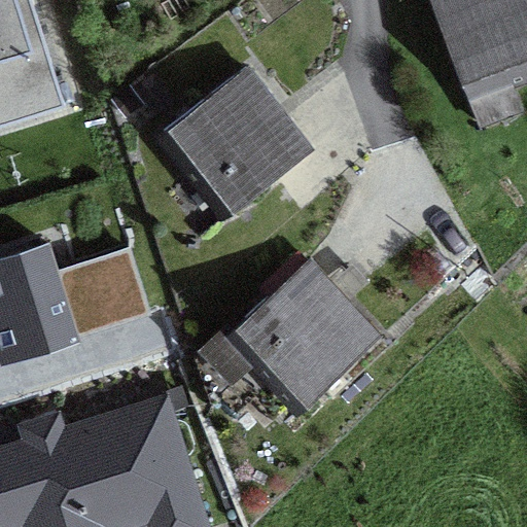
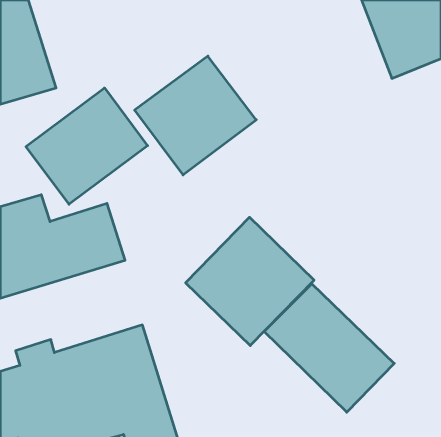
building: none -> [26,88,148,204]
building: none -> [264,284,394,412]

